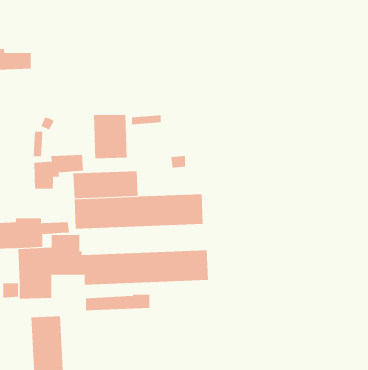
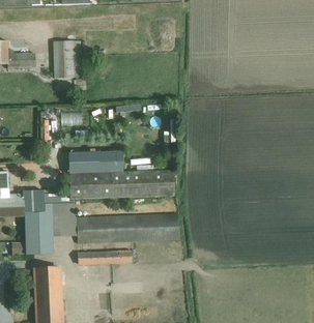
building: [93,114,128,159] -> [53,41,81,78]
building: [34,154,84,189] -> none

